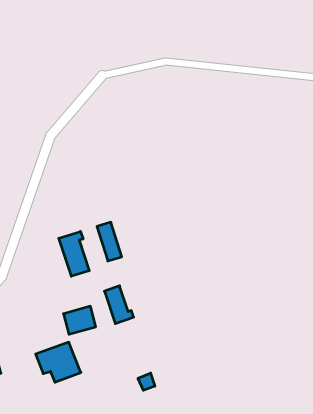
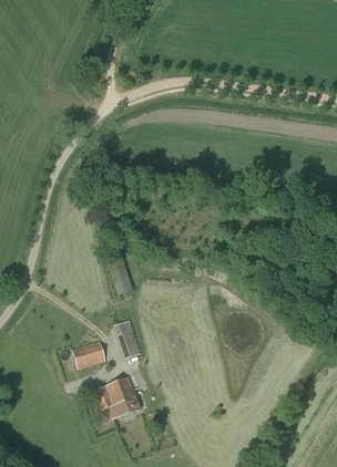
building: [59,231,89,276] -> none
building: [36,342,81,382] -> [94,376,141,417]

